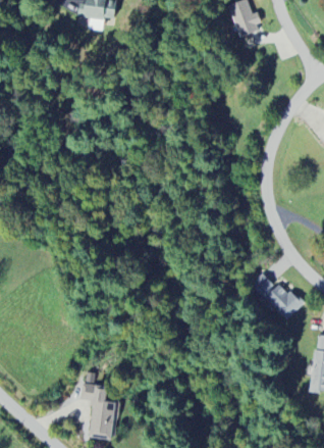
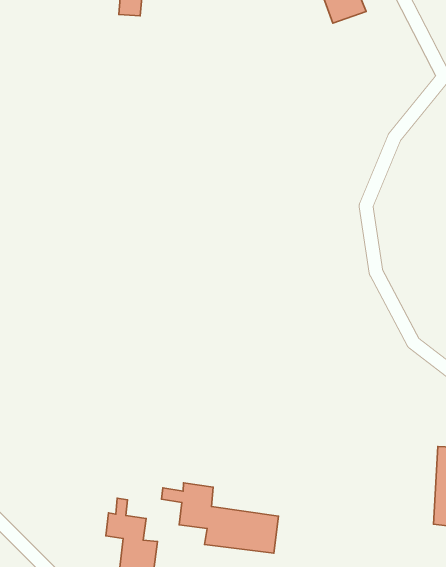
building: [252,273,303,320] -> none
building: none -> [161,483,278,553]

